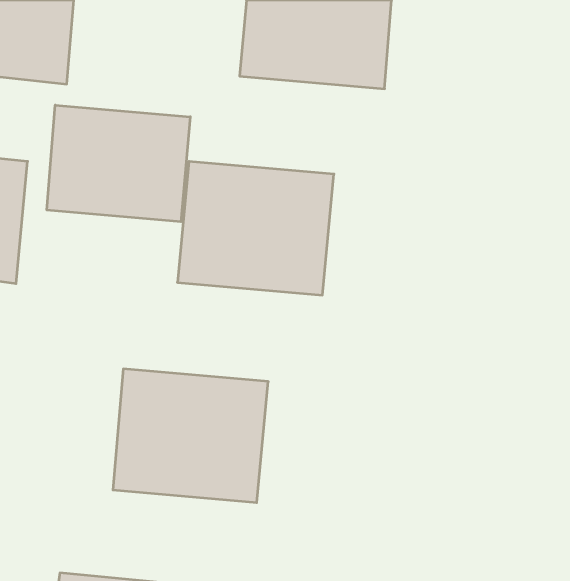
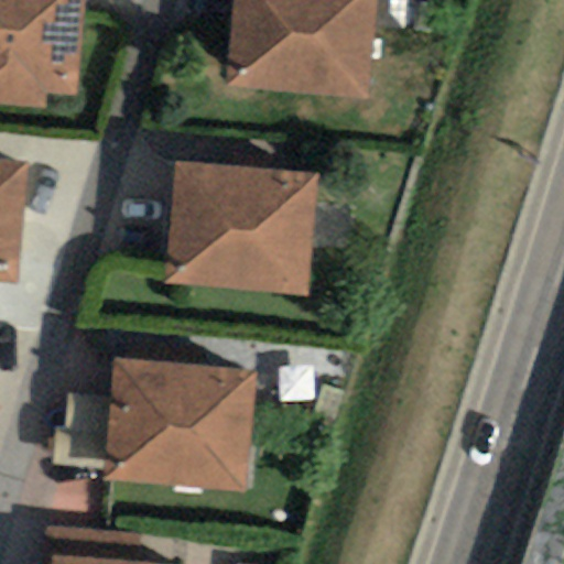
building: [47,105,190,222] -> none

